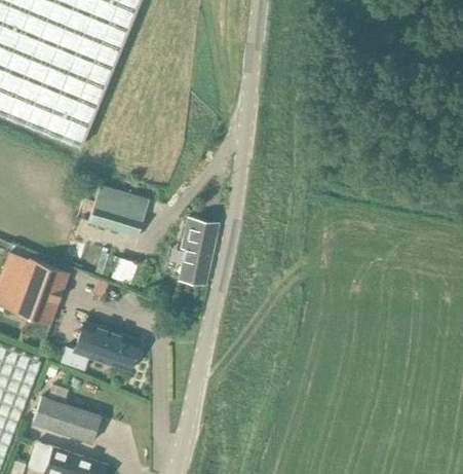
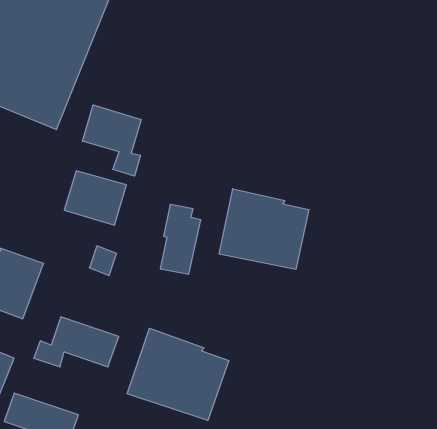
building: none -> [83,105,141,176]
building: none -> [219,189,309,269]
building: none -> [127,328,229,421]

